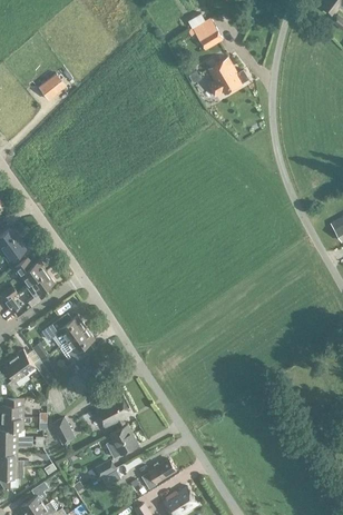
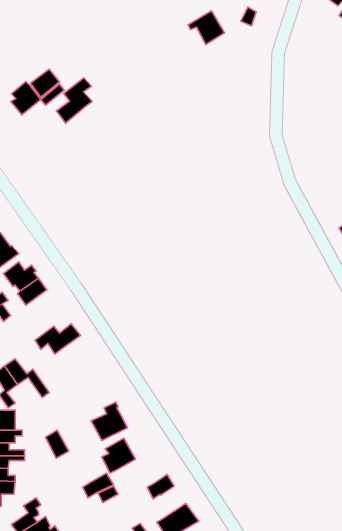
building: [206,58,248,97] -> none
building: none -> [56,78,92,123]
building: none -> [11,81,41,115]
building: [66,327,92,363] -> none

